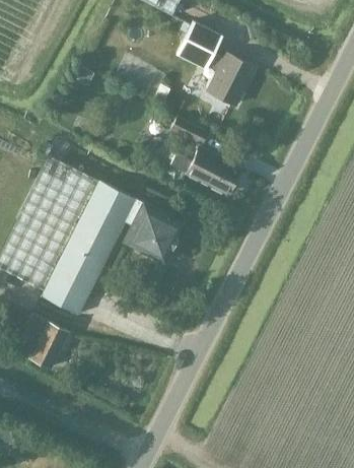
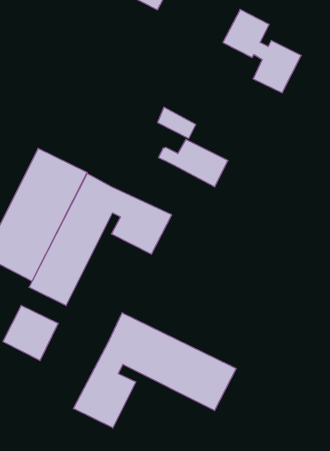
building: [176,21,256,106] -> [223,9,301,93]
building: none -> [73,313,236,428]

